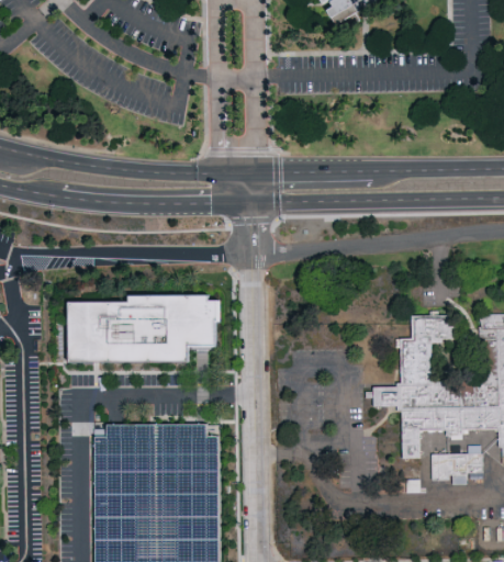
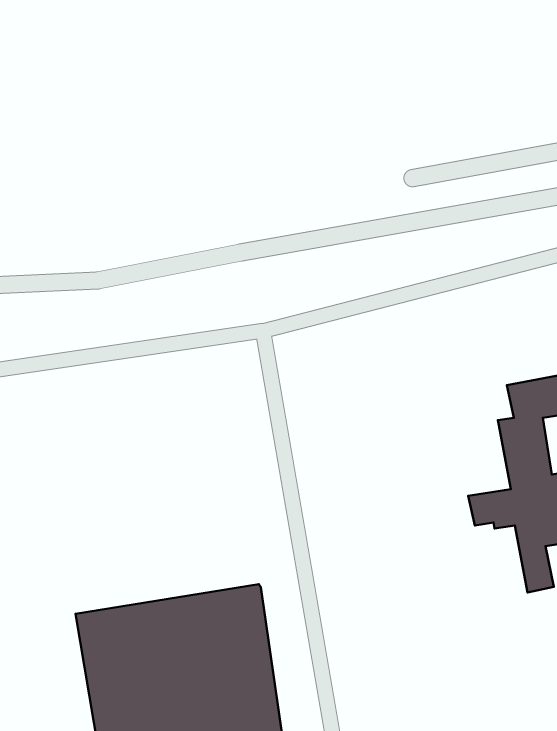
building: [76,293,223,360] -> none

